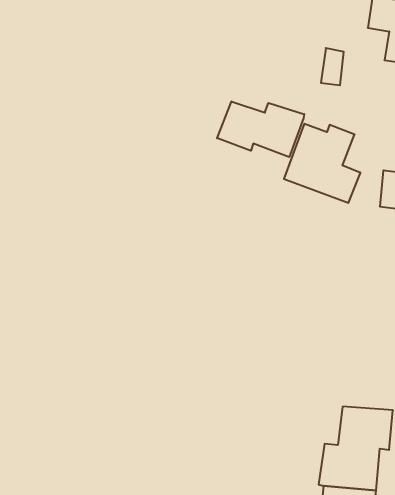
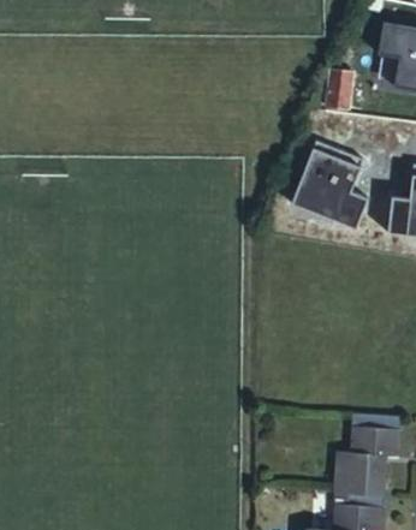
building: [217,101,304,157] -> none

